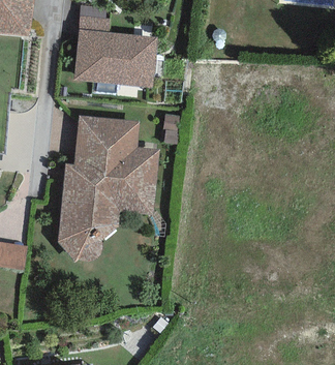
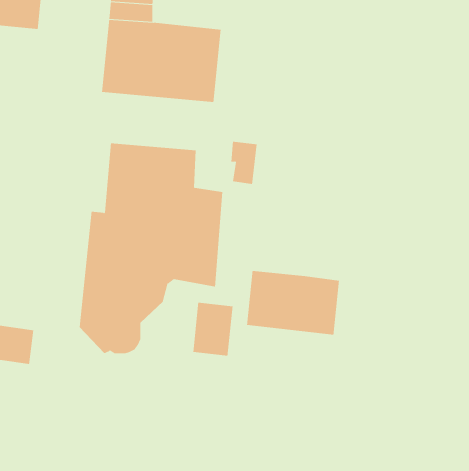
building: none -> [246,270,340,335]
building: none -> [193,302,233,356]

